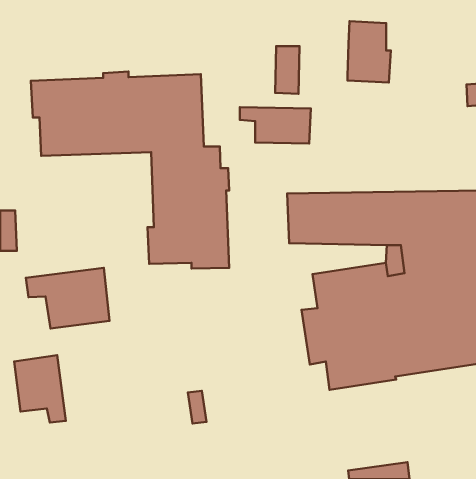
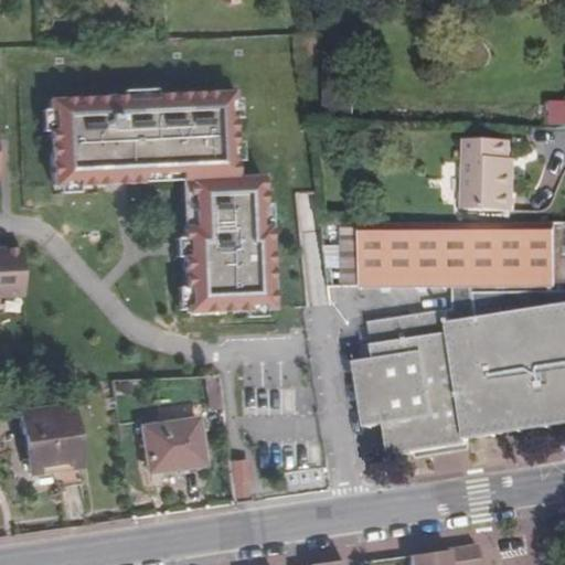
building: [348,21,391,82] -> [465,141,515,213]
building: [240,107,311,144] -> none
building: [26,268,109,328] -> none
building: none -> [139,425,201,478]

